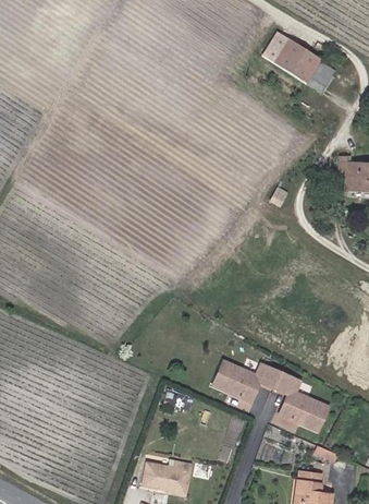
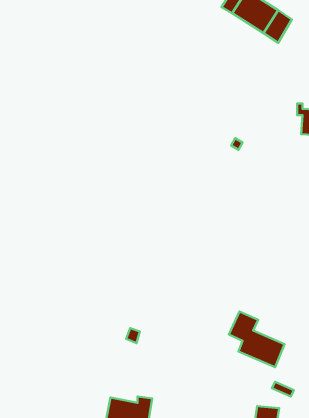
building: [212,361,281,403] -> none

